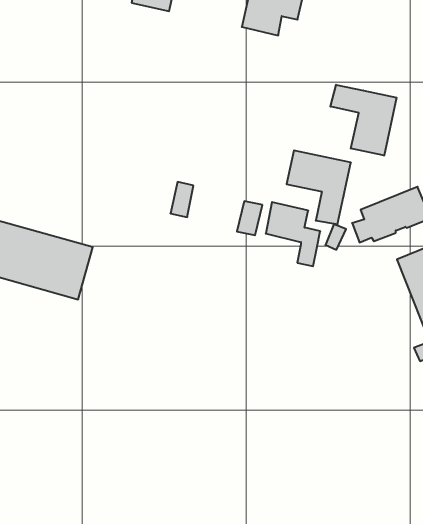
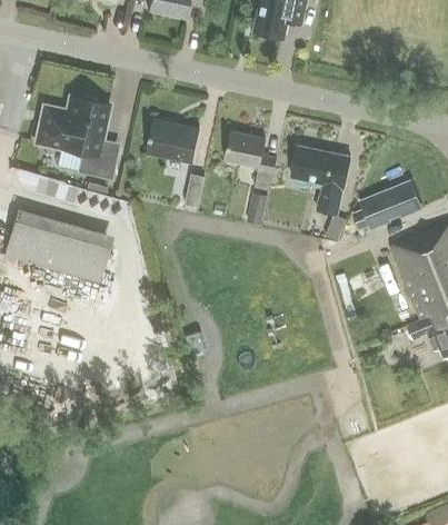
building: [330,85,397,156] -> none
building: none -> [34,95,118,178]
building: none -> [145,119,198,162]
building: [266,202,320,266] -> [226,131,276,190]

